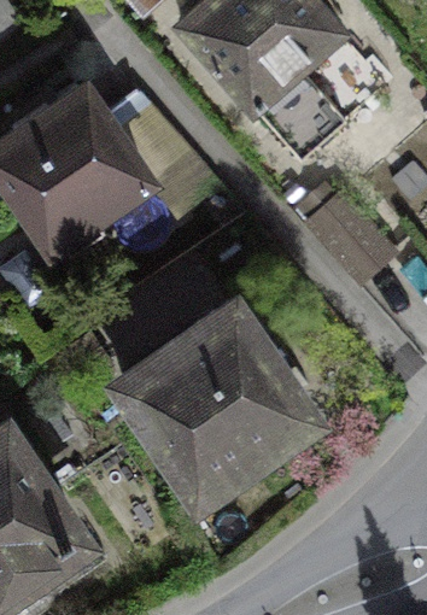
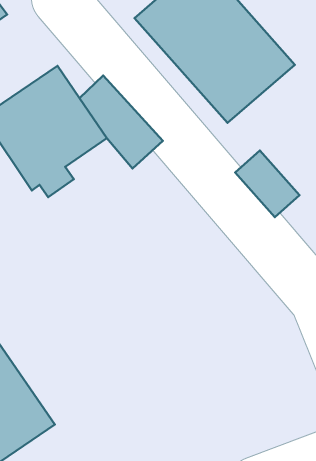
building: [123,308,308,492] -> none

